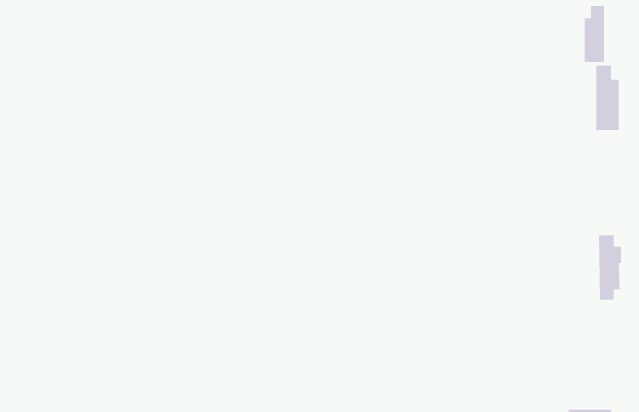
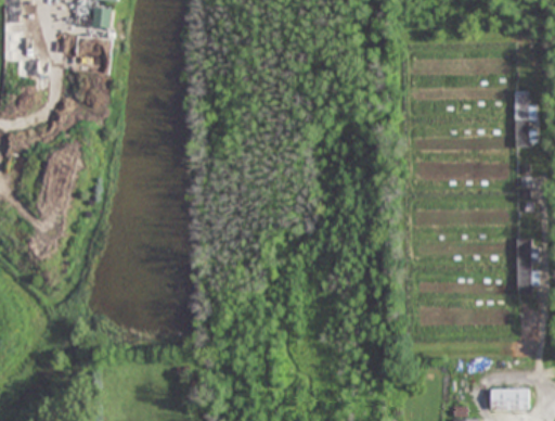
building: [584,5,605,63] -> none

